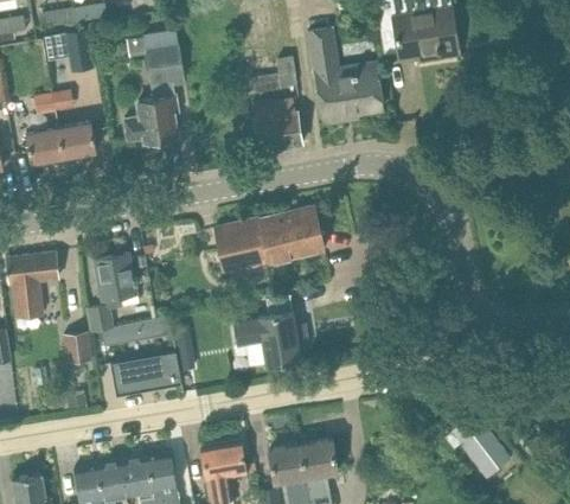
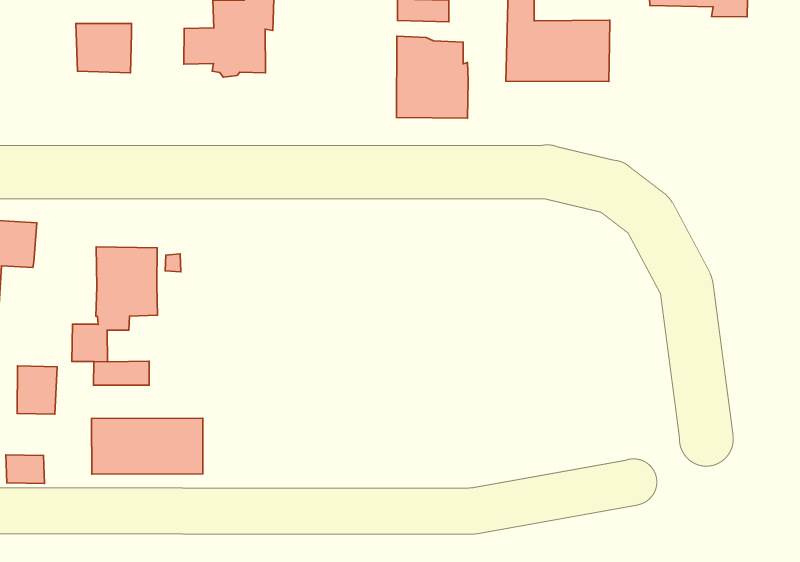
building: [26,129,64,164] -> none
building: [214,208,324,273] -> none
building: [233,296,305,368] -> none

